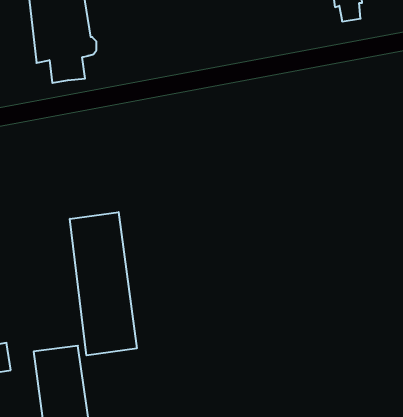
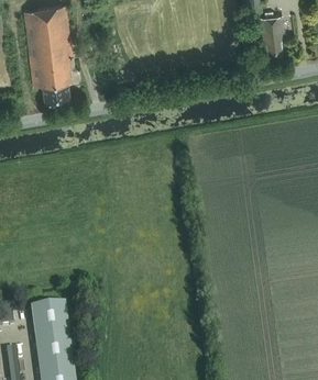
building: [70,212,137,355] -> none

